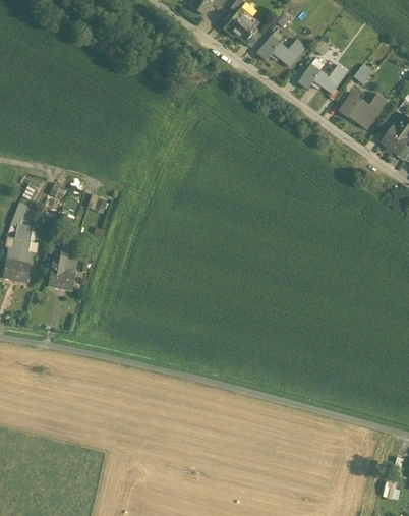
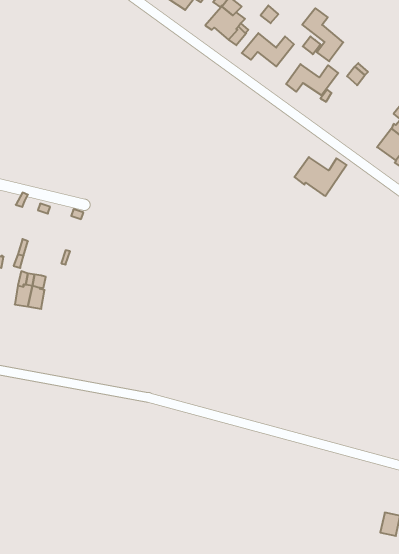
building: none -> [302,8,343,61]
building: [338,93,386,128] -> [294,157,347,196]

